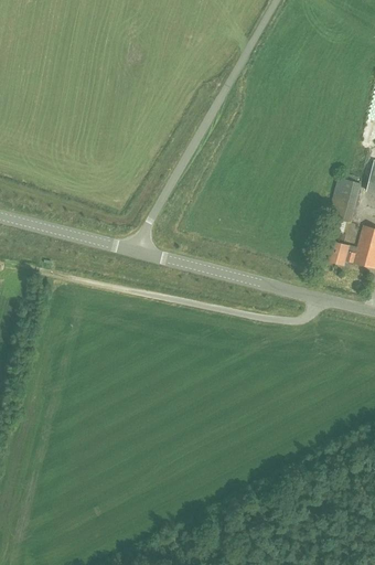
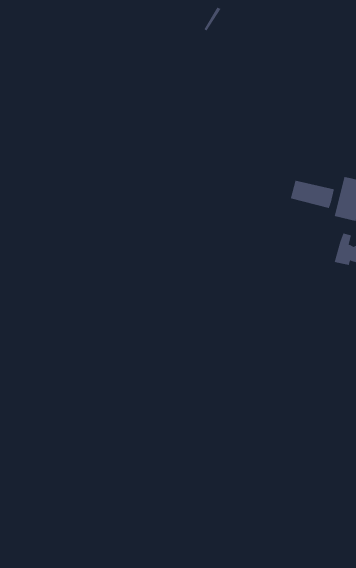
building: none -> [290,180,335,209]

